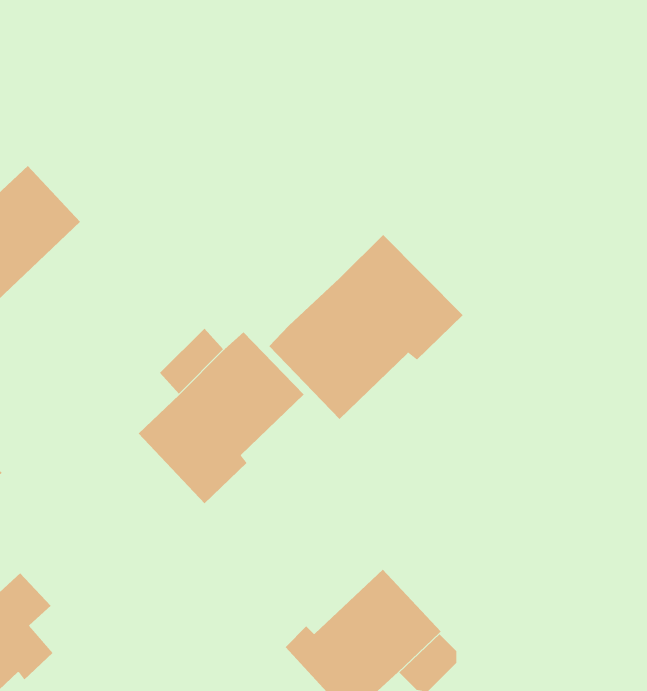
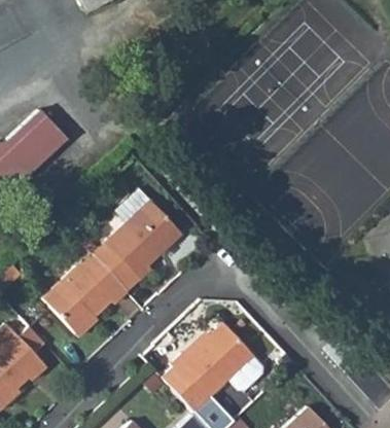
building: [268,234,463,420] -> none
building: none -> [46,251,130,331]

